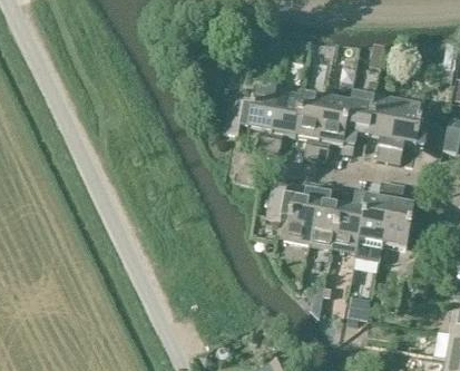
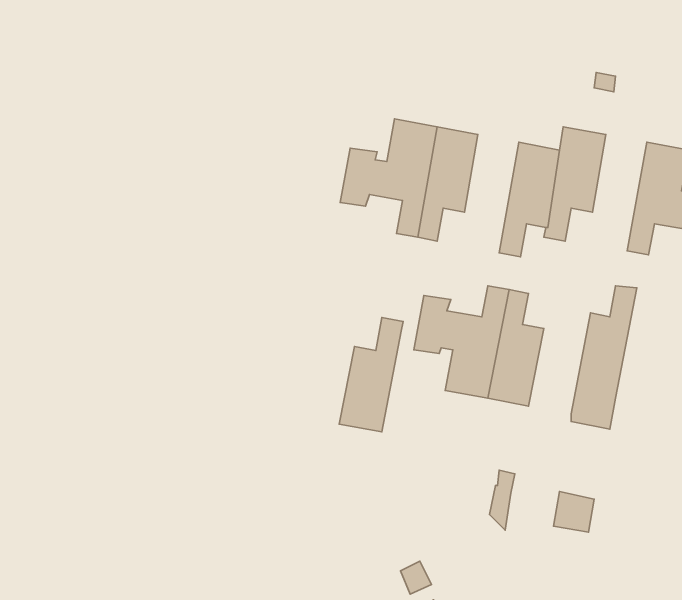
building: [294,91,325,159] -> none
building: [368,91,399,158] -> none
building: [381,179,413,247] -> none
building: [331,186,368,252] -> [339,318,403,432]

